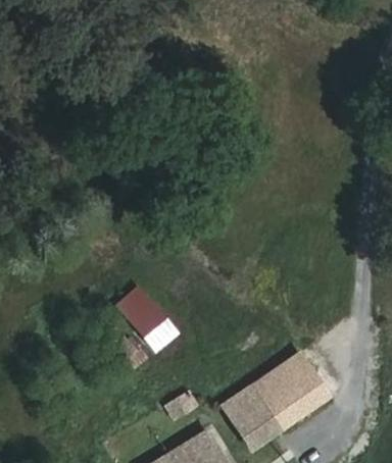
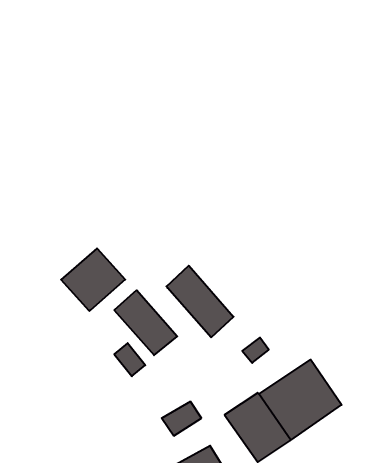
building: none -> [61,248,125,311]
building: none -> [166,266,234,337]

